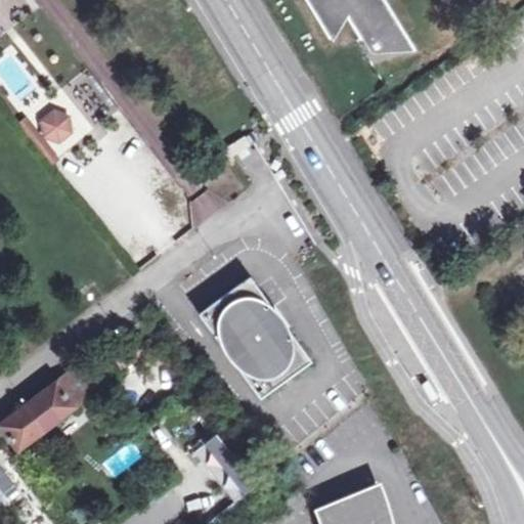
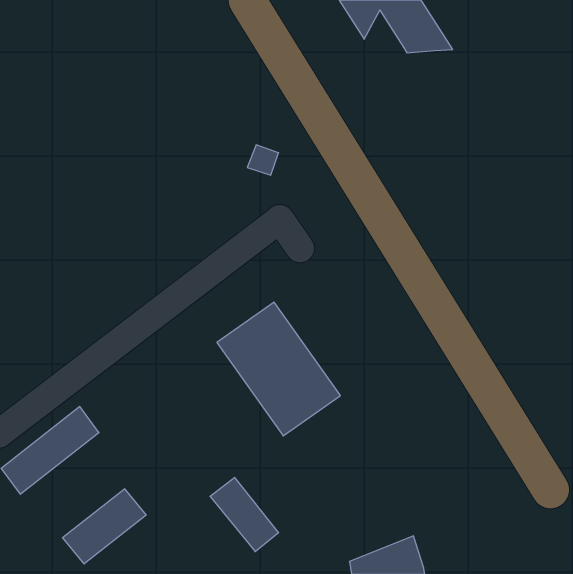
building: [39,107,72,142] -> none
building: none -> [63,489,146,564]

